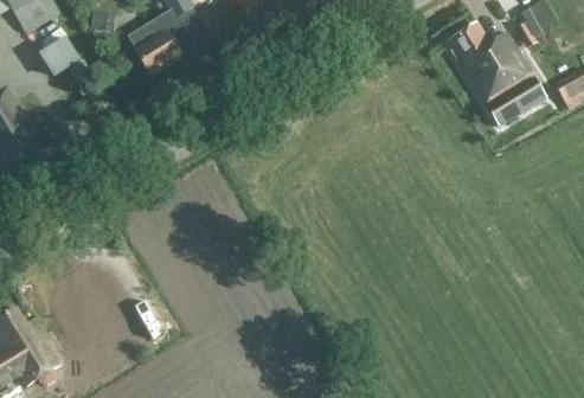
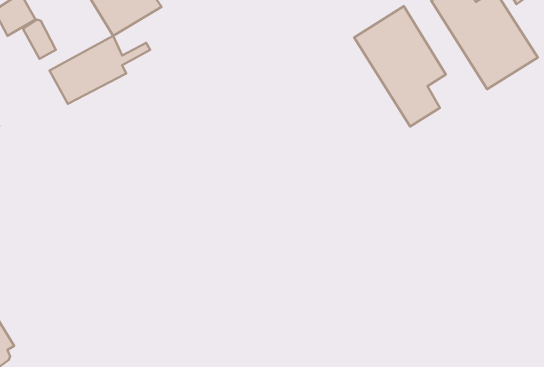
building: none -> [354,6,446,126]
building: none -> [50,36,150,104]

